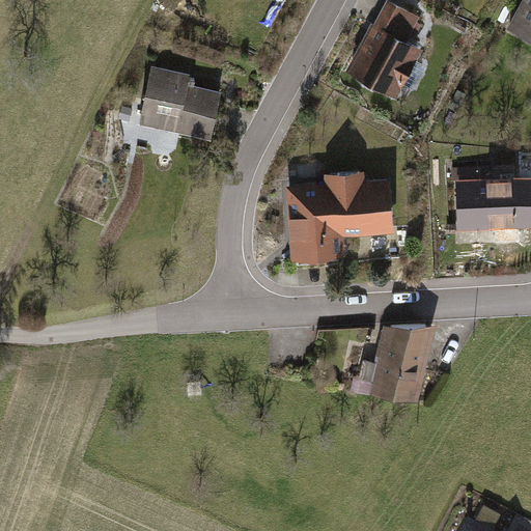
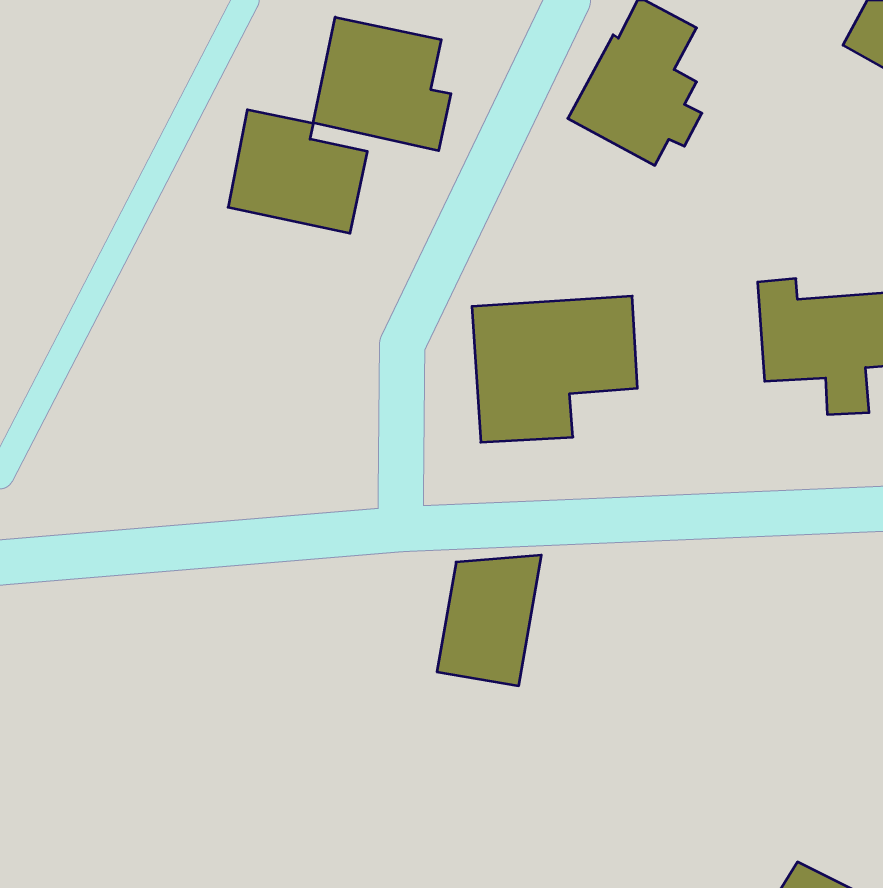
building: none -> [313,17,451,151]
building: [372,320,435,398] -> [437,555,541,686]

